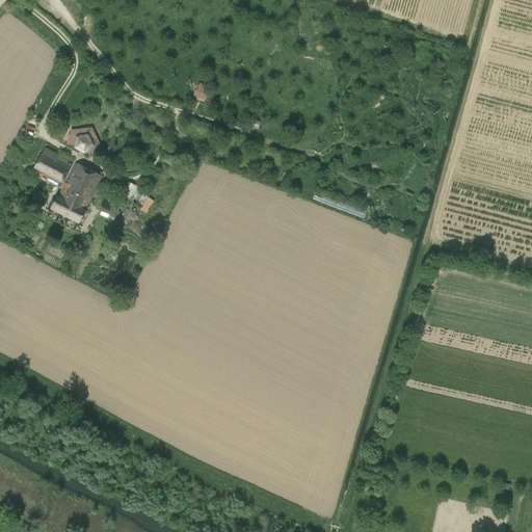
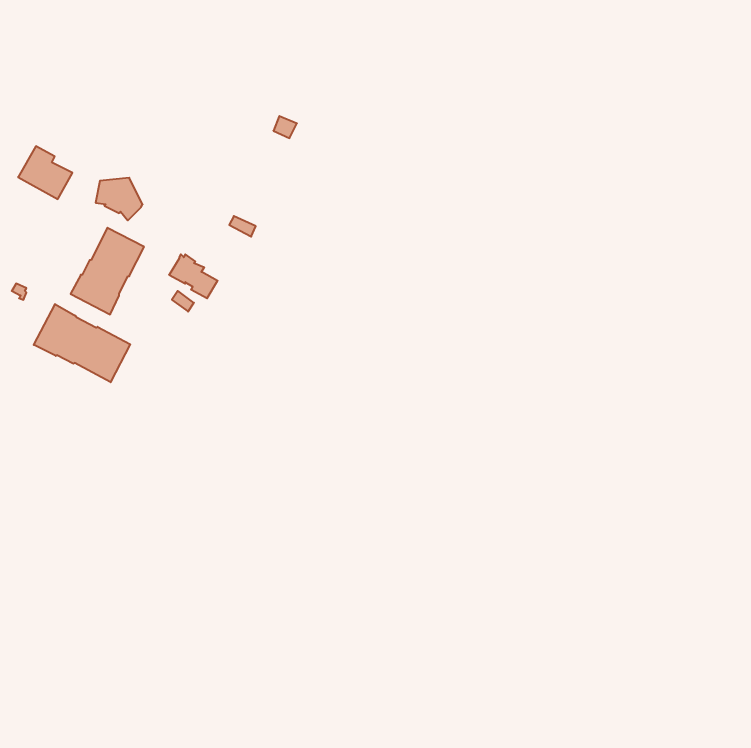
building: [32,147,71,184] -> [18,146,72,199]
building: none -> [34,304,130,382]

